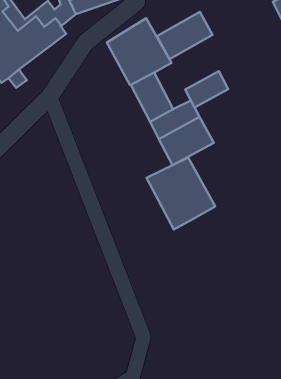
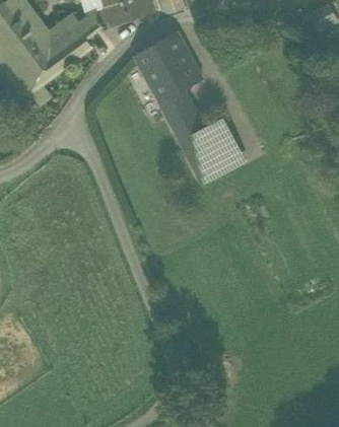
building: [157,12,212,59] -> none
building: [185,71,228,107] -> none
building: [146,157,215,230] -> none

